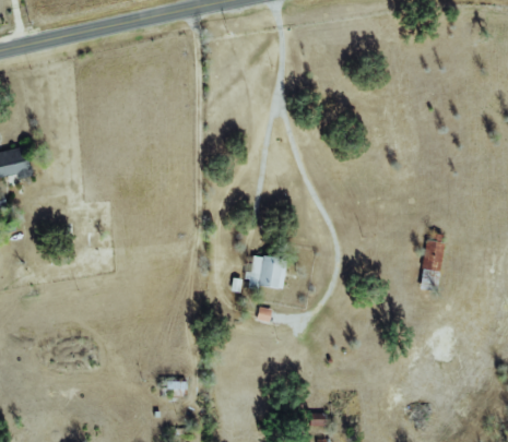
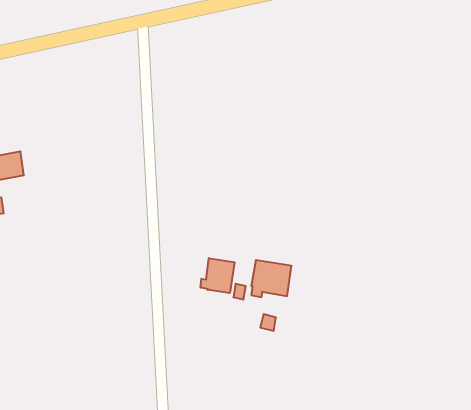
building: none -> [201,258,235,293]

